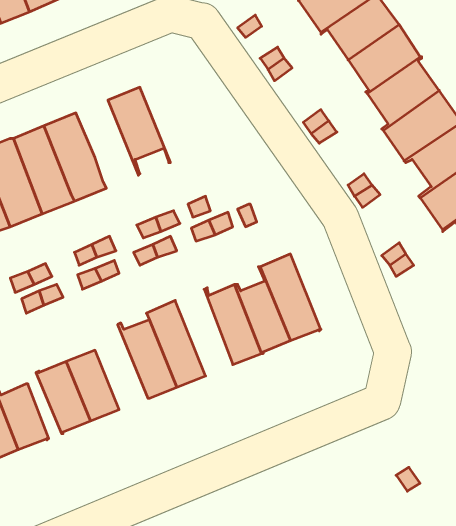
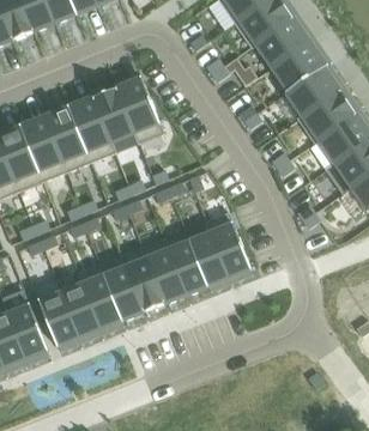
building: none -> [115,77,163,144]
building: none -> [67,97,114,163]
building: none -> [141,238,184,303]
building: none -> [77,265,121,328]

